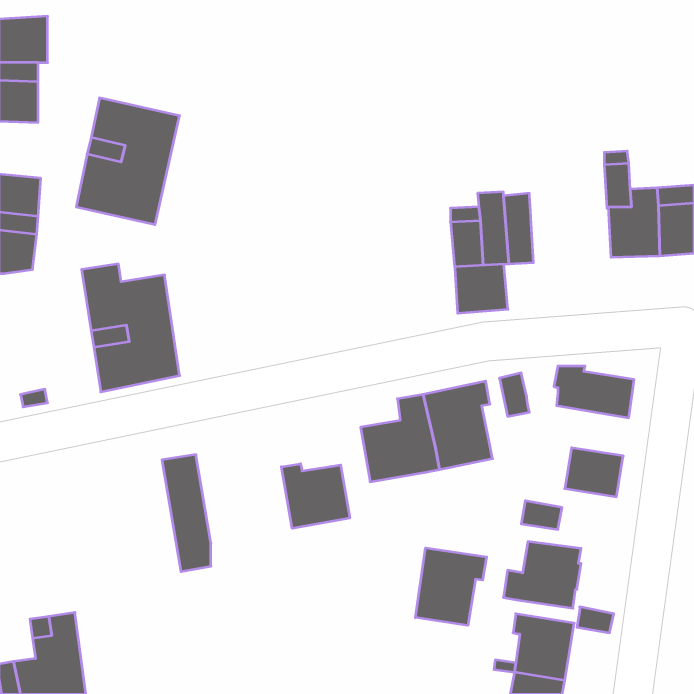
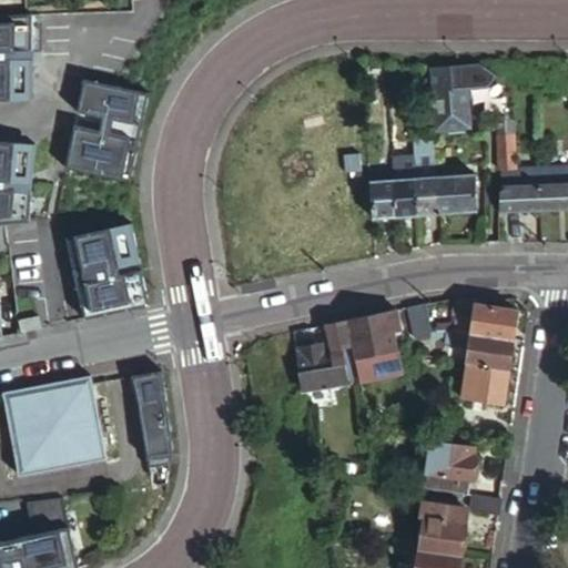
building: none -> [428,67,491,129]
building: [455,264,508,313] -> [433,174,476,214]
building: none -> [446,331,513,372]
building: [281,464,350,528] -> none
building: none -> [4,378,106,477]
building: [415,548,487,625] -> none

